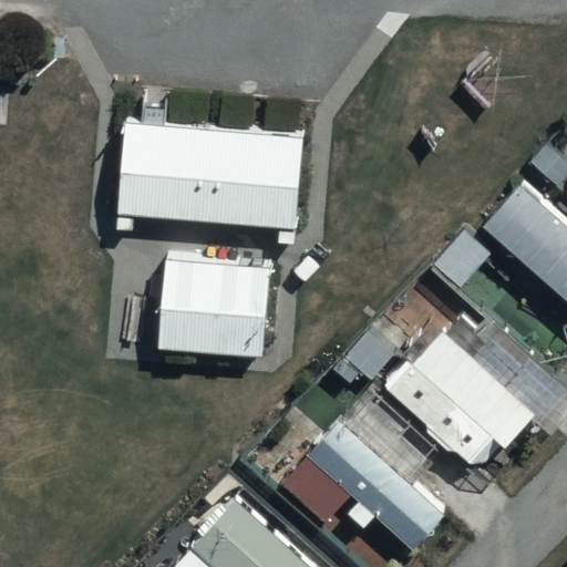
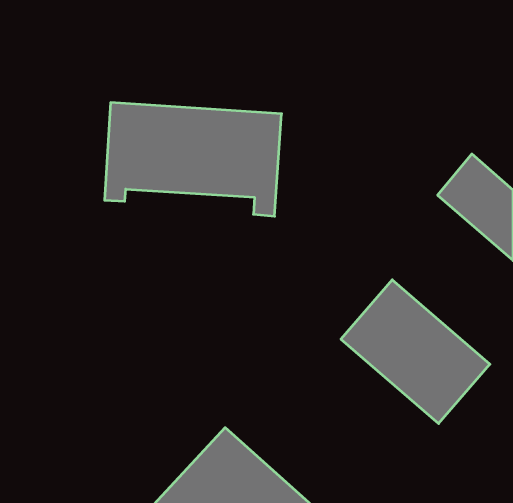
building: [158,257,269,355] -> none
building: [272,413,449,547] -> none

